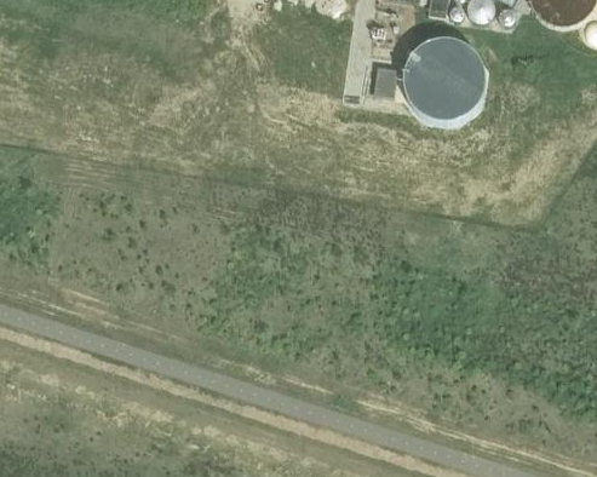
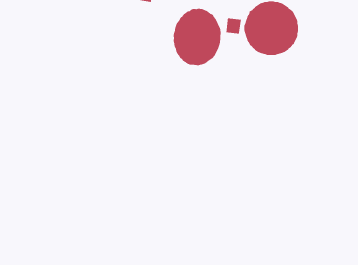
building: none -> [173,8,221,66]

